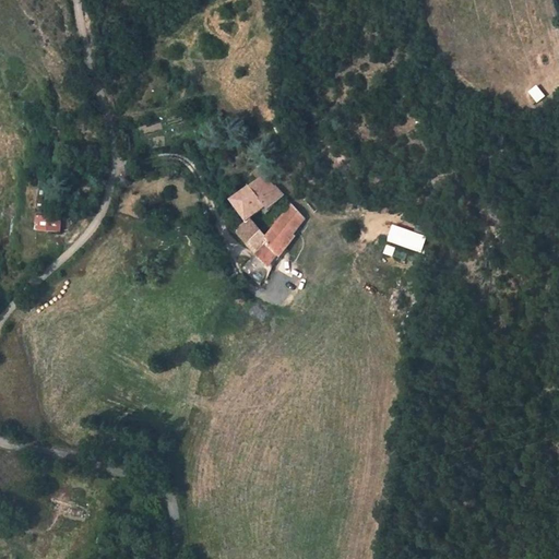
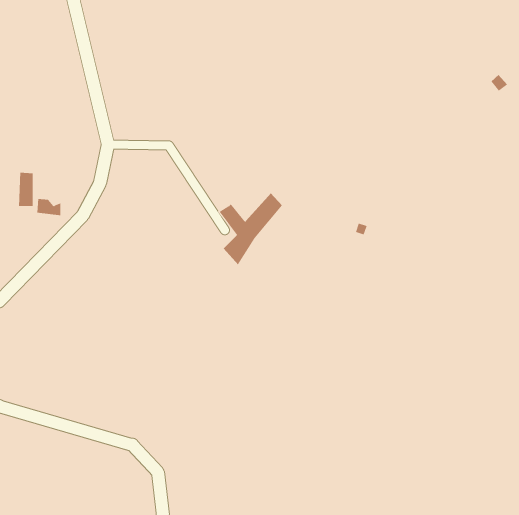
building: [230,178,282,221] -> none
building: [384,219,426,249] -> none

